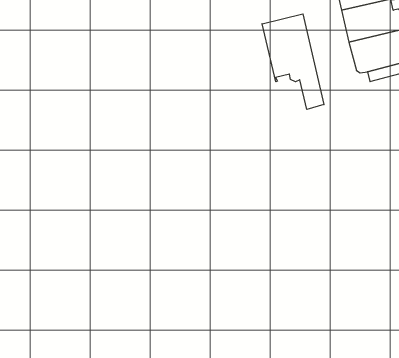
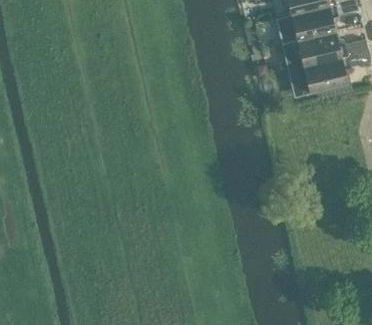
building: [262,14,324,109] -> none

